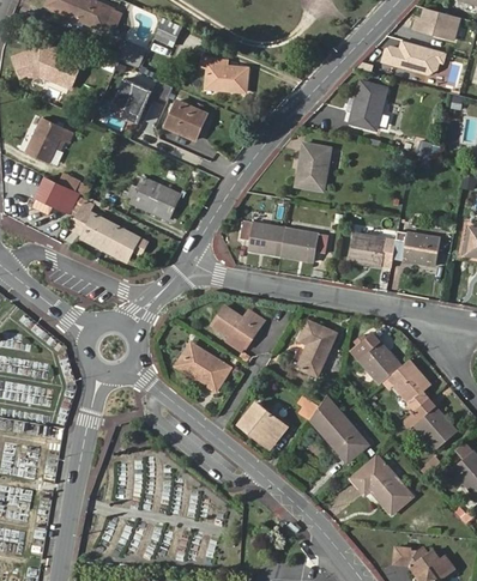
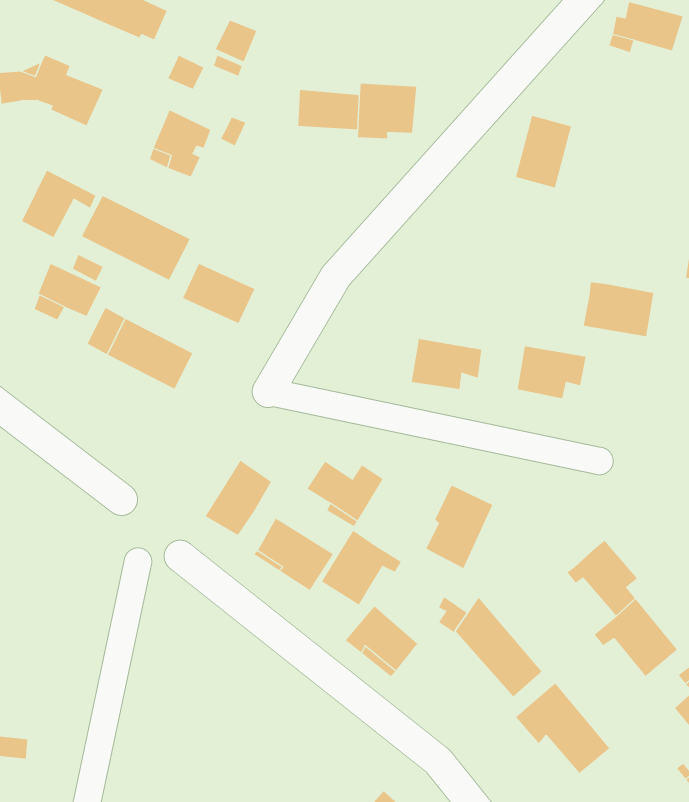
building: [382,41,446,74] -> none
building: none -> [357,83,417,139]
building: [167,101,204,140] -> none
building: none -> [81,195,190,280]
building: [297,144,331,189] -> none
building: [241,219,286,256] -> none
building: [393,230,440,266] -> [583,282,654,337]
building: none -> [205,460,273,536]
building: [352,333,401,385] -> none
building: none -> [321,530,402,606]

